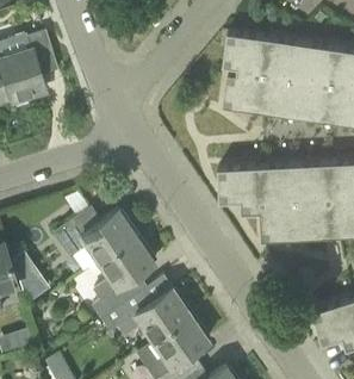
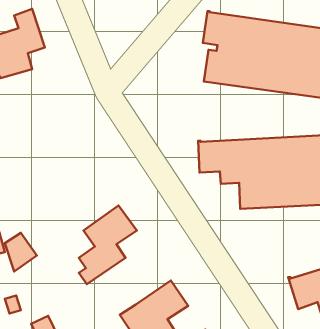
building: [54,209,135,271] -> none
building: [101,288,190,341] -> none

